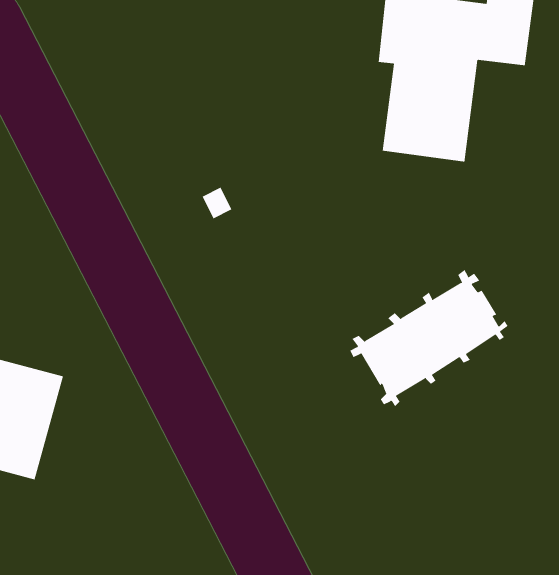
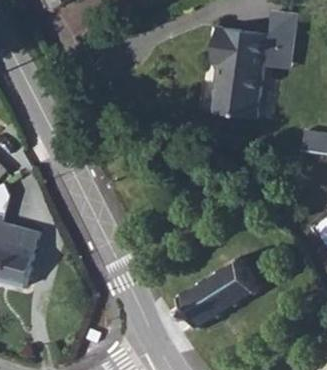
building: [350,269,509,407] -> [179,257,263,330]

